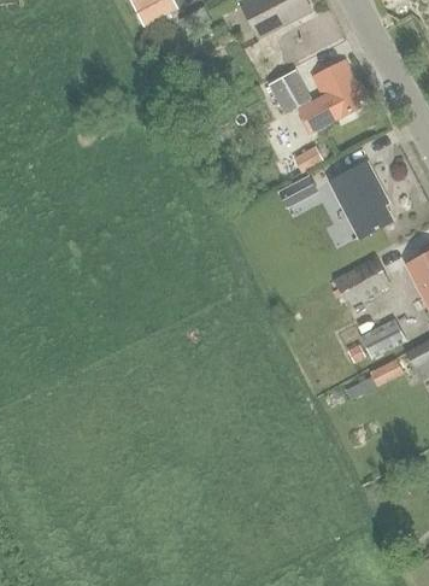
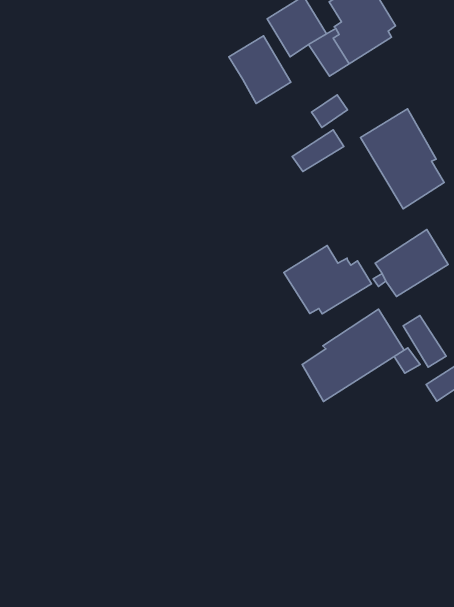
building: none -> [229,36,291,103]
building: none -> [284,245,371,314]
building: none -> [302,309,404,402]

